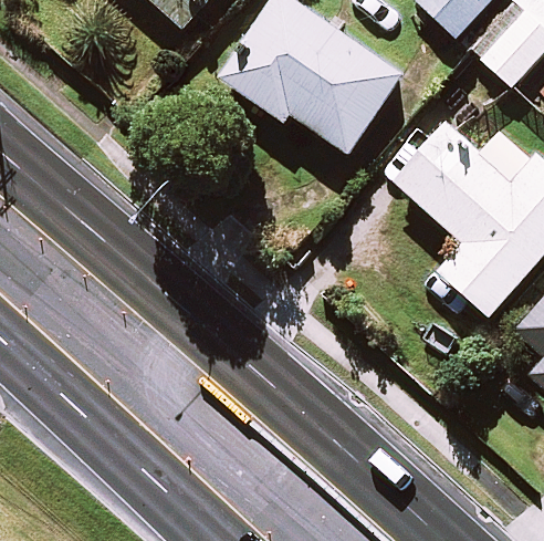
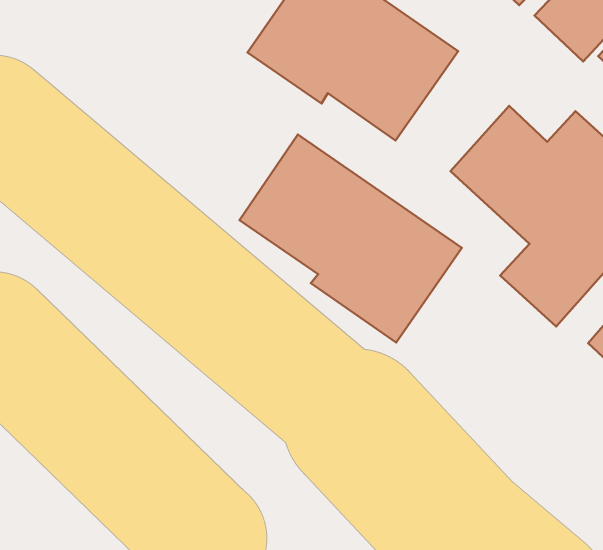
building: none -> [239,135,462,343]

